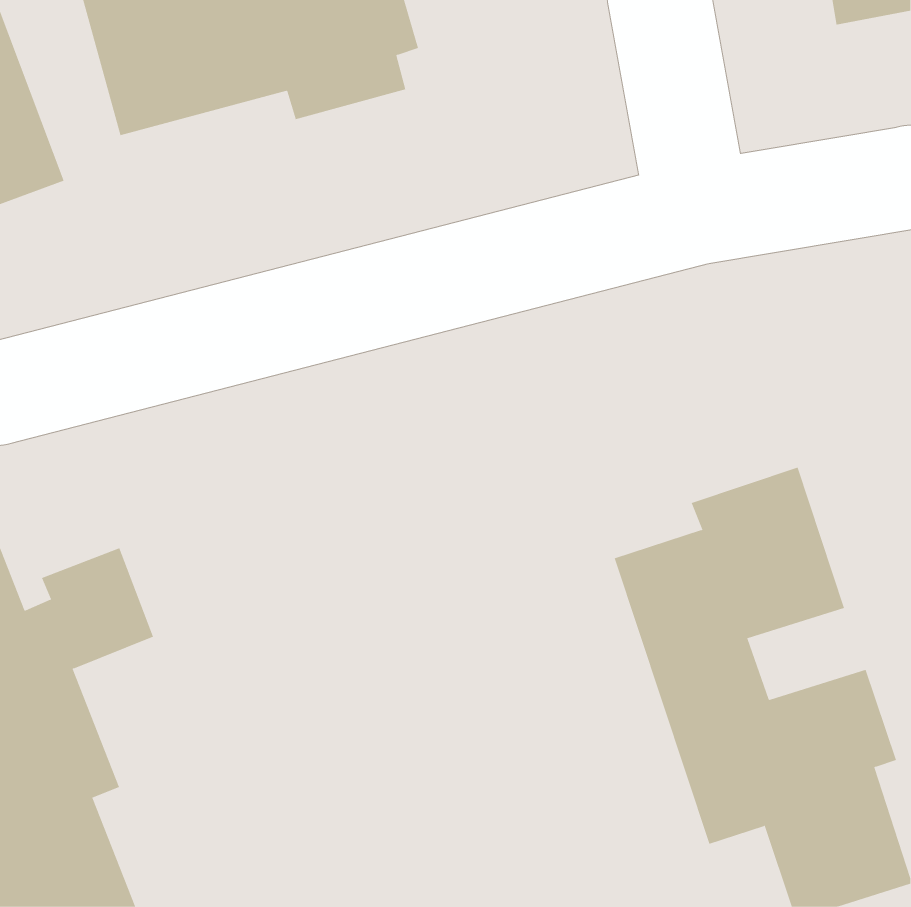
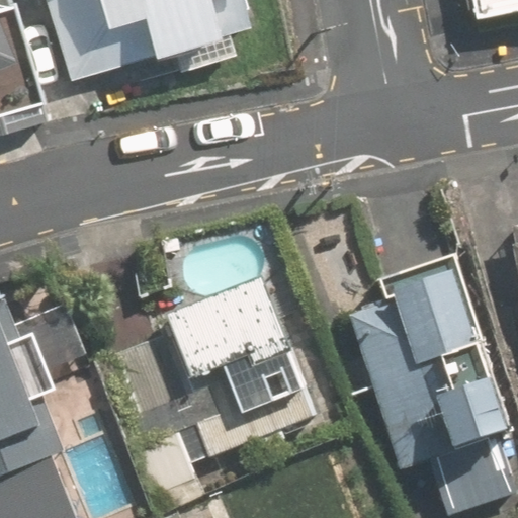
building: none -> [170,278,303,410]

